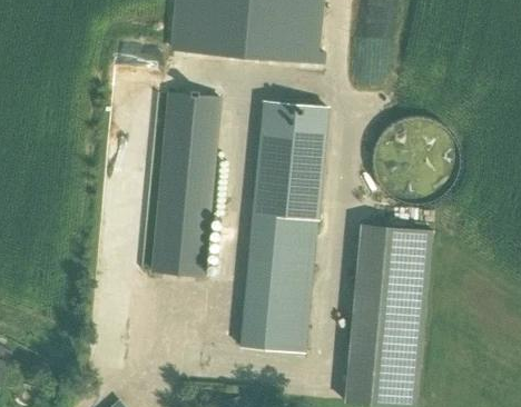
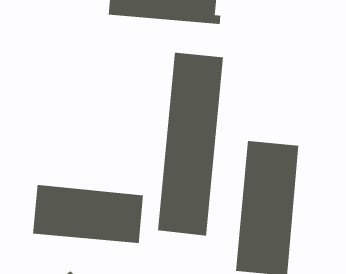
building: [150,92,223,279] -> none
building: none -> [32,184,144,244]

